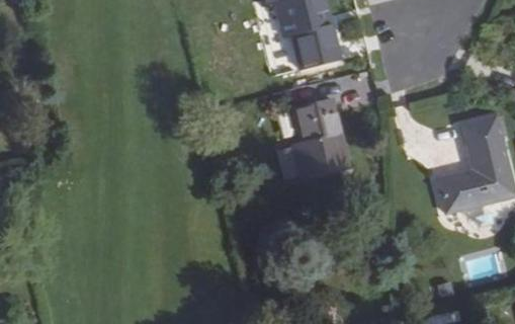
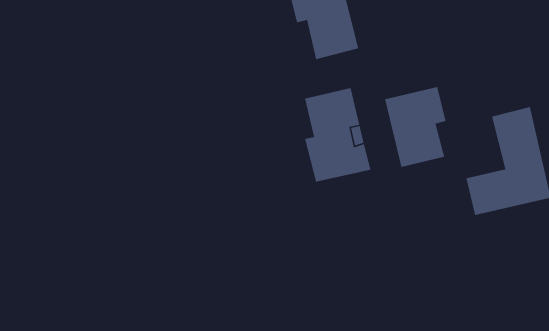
building: none -> [384,86,447,168]

